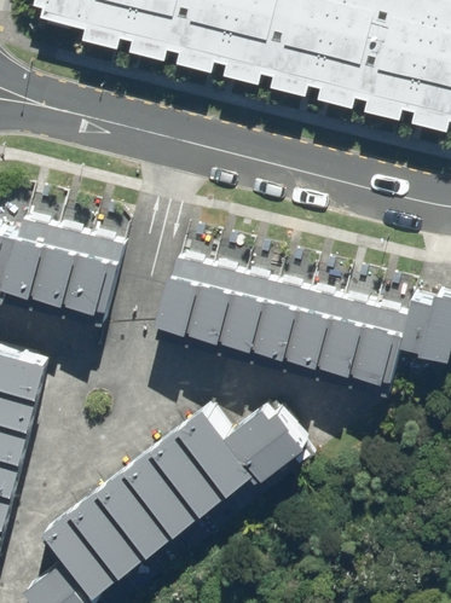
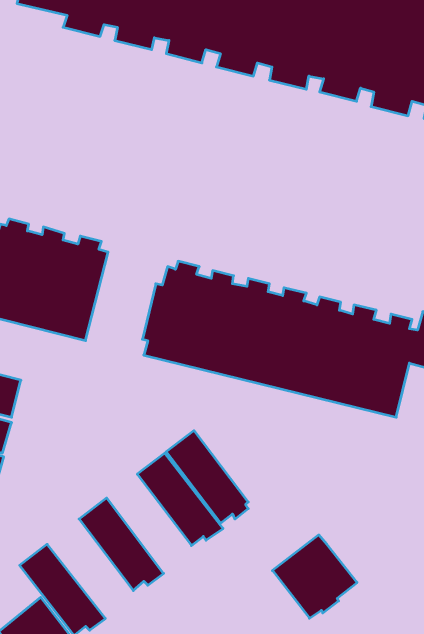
building: [226,401,303,477] -> [272,535,357,618]
building: [123,447,202,532] -> none
building: [69,488,148,573] -> none

